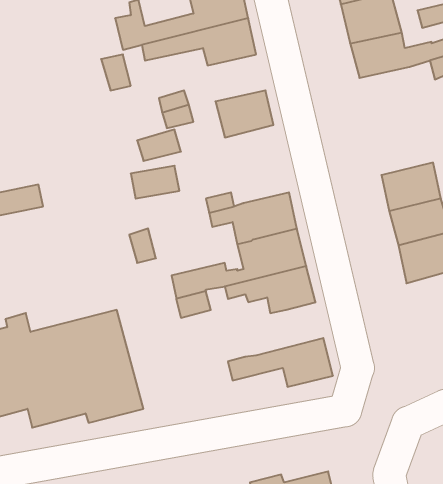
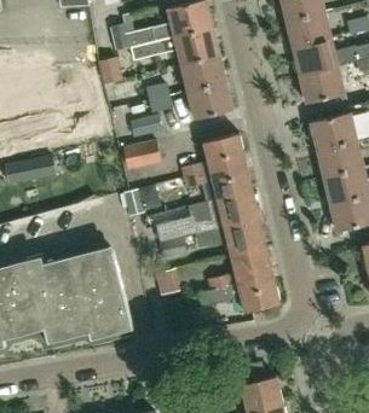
building: none -> [183,56,227,92]
building: none -> [300,65,346,103]
building: none -> [311,112,357,149]
building: none -> [204,134,246,170]
building: none -> [209,246,272,289]

